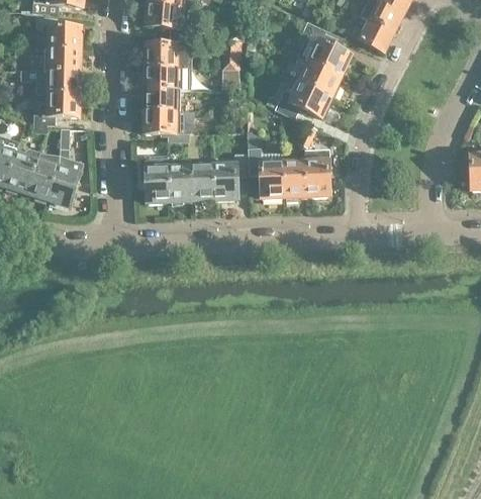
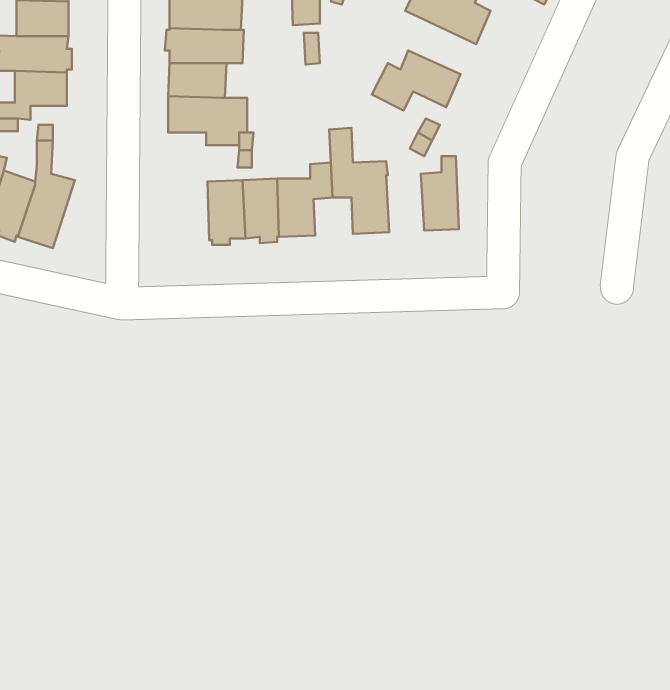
building: [297,60,341,95] -> none
building: [146,155,170,202] -> none
building: [283,159,307,199] -> none

